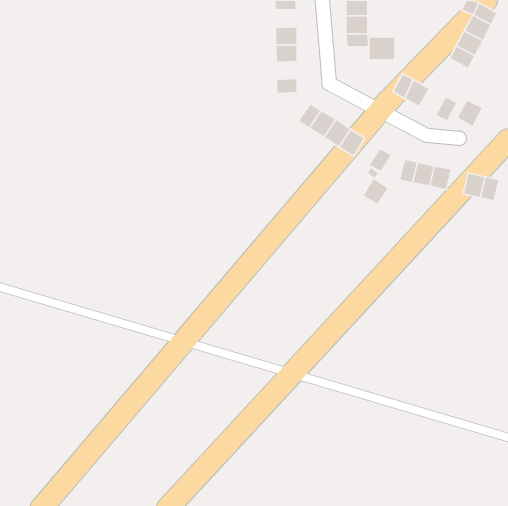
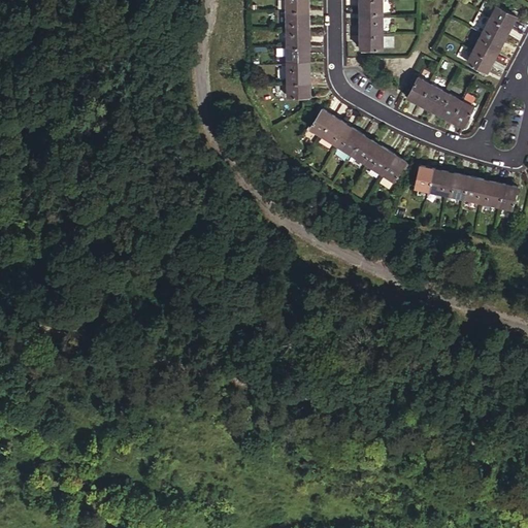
building: none -> [286,12,308,31]
building: [369,37,395,60] -> none
building: none -> [287,66,308,85]
building: [457,100,483,127] -> [435,94,462,122]
building: none -> [463,177,486,203]
building: [363,178,388,205] -> [367,145,394,173]

